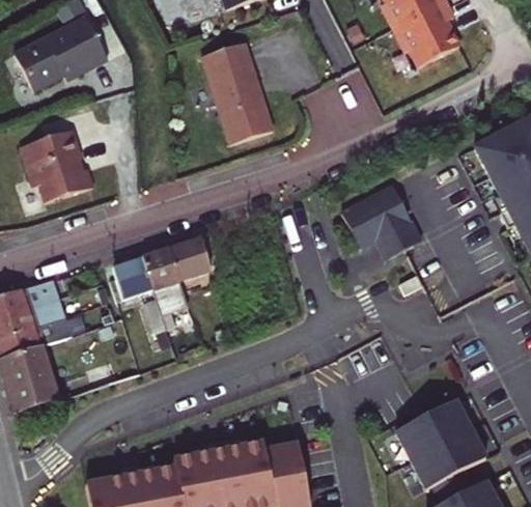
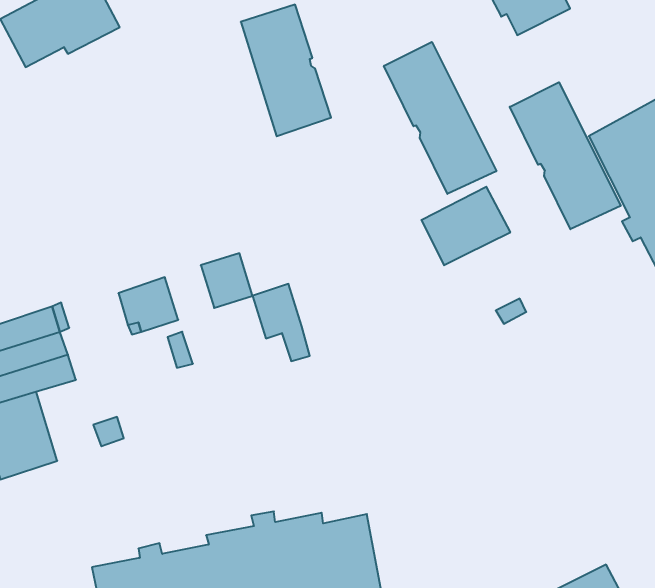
building: none -> [384,42,496,194]
building: none -> [510,82,621,229]
building: [20,130,92,201] -> none
building: [376,220,421,257] -> none
building: [142,246,187,306] -> [253,284,310,361]
building: [396,398,486,487] -> none

